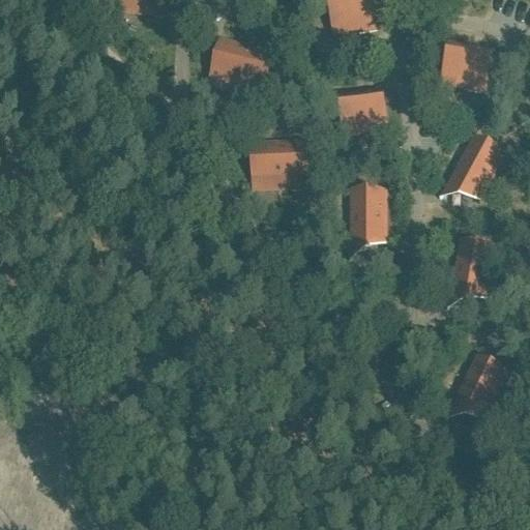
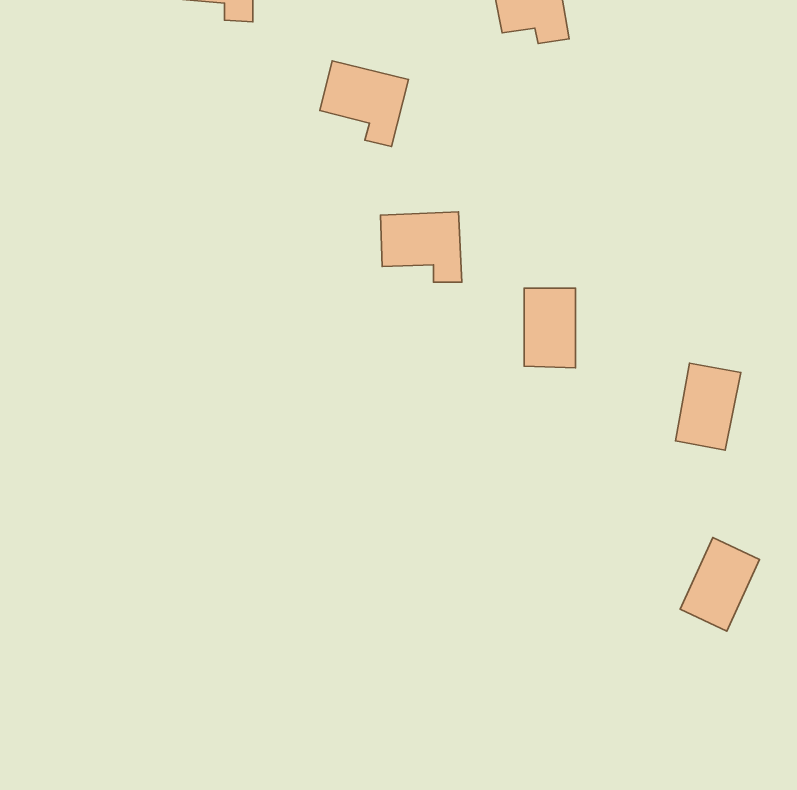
building: [444,42,490,90] -> none
building: [340,89,386,131] -> none
building: [445,138,501,200] -> none

